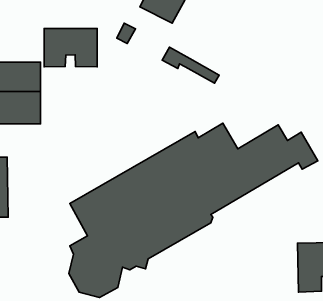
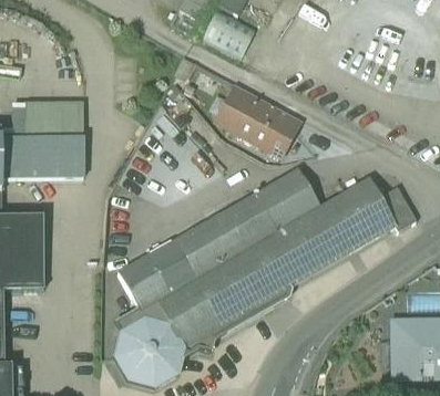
building: [44,29,97,67] -> none
building: none -> [216,84,294,154]

